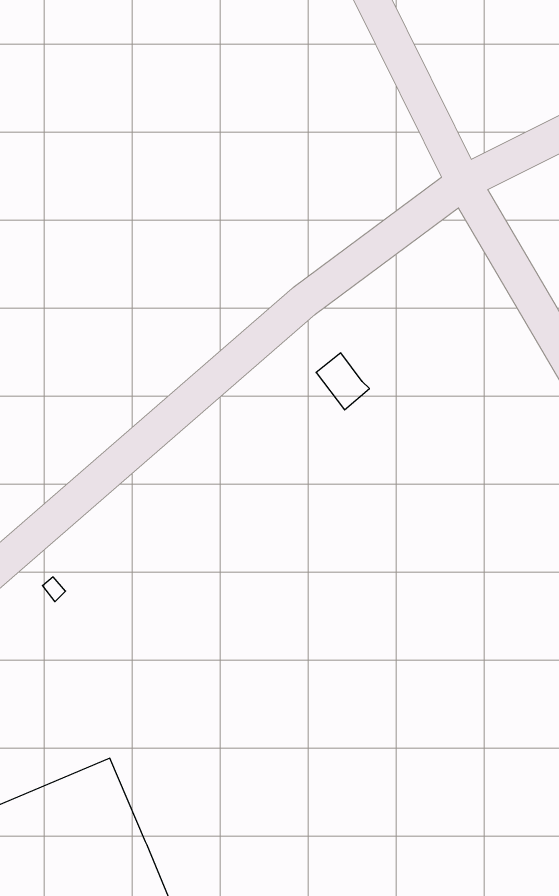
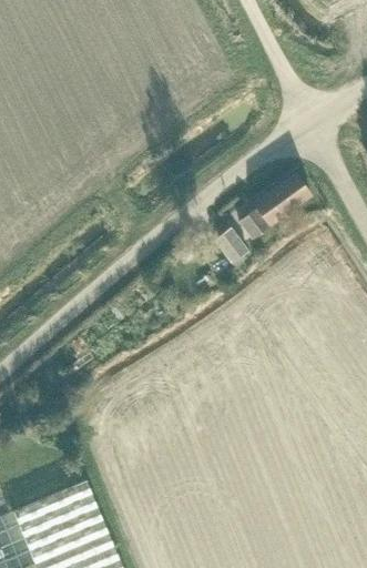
building: none -> [239,178,312,239]

